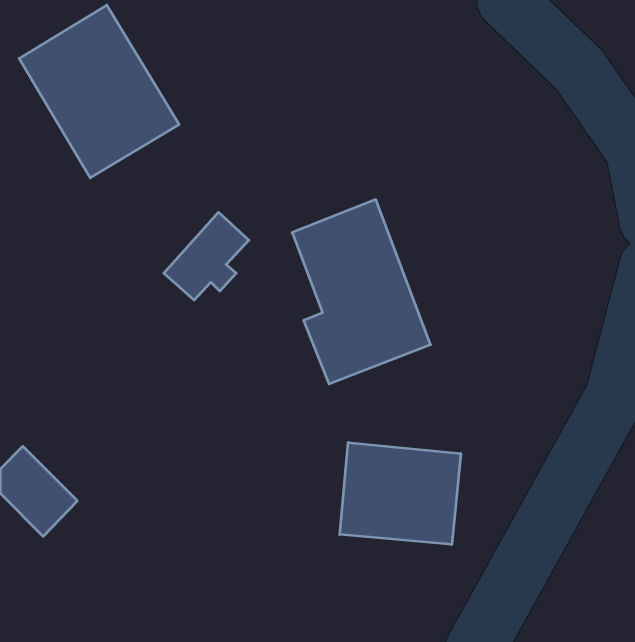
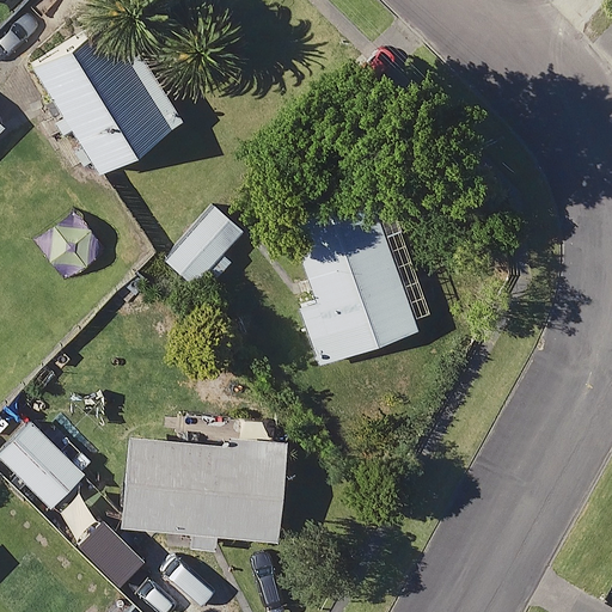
building: [340,442,461,545] -> none
building: none -> [123,434,287,557]

